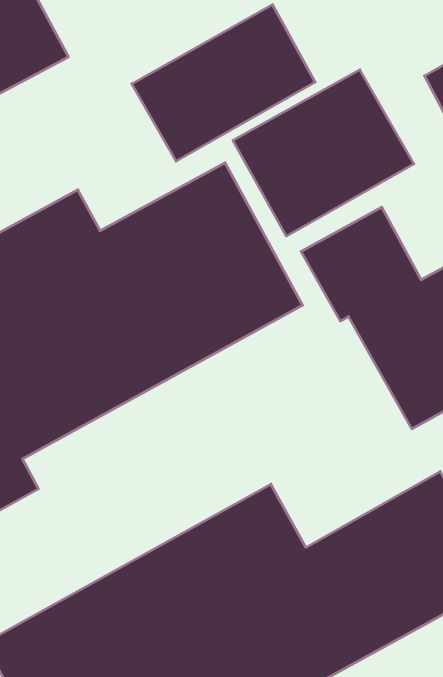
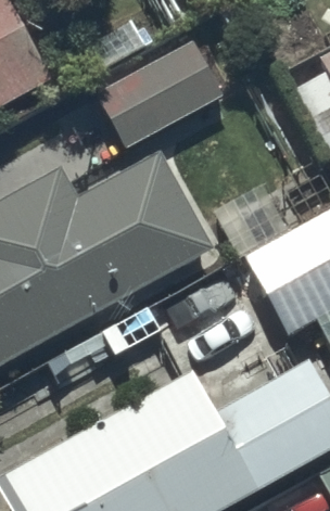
building: [233,70,414,236] -> none

